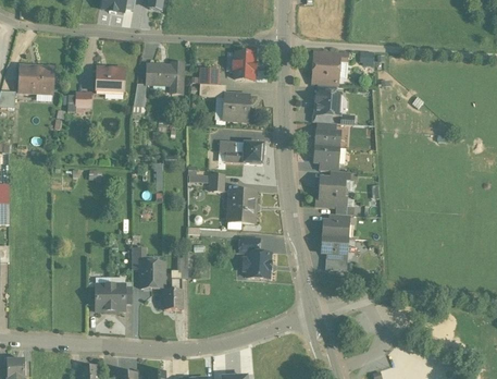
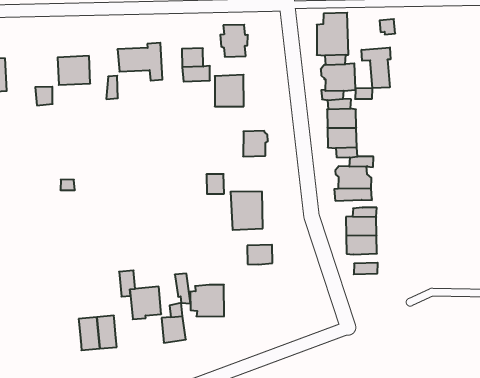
building: none -> [362,47,390,88]
building: [219,140,245,162] -> none
building: [241,253,271,280] -> [190,285,224,316]

